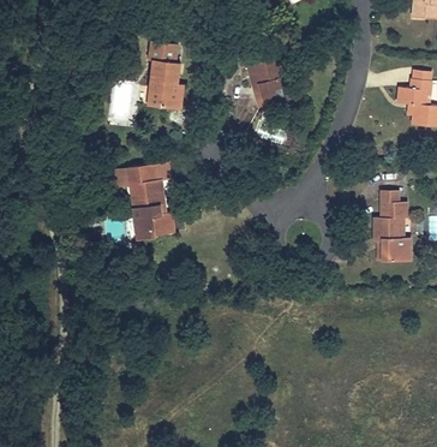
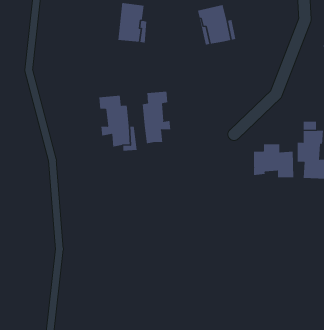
building: none -> [142,91,171,144]
building: none -> [254,144,294,178]

